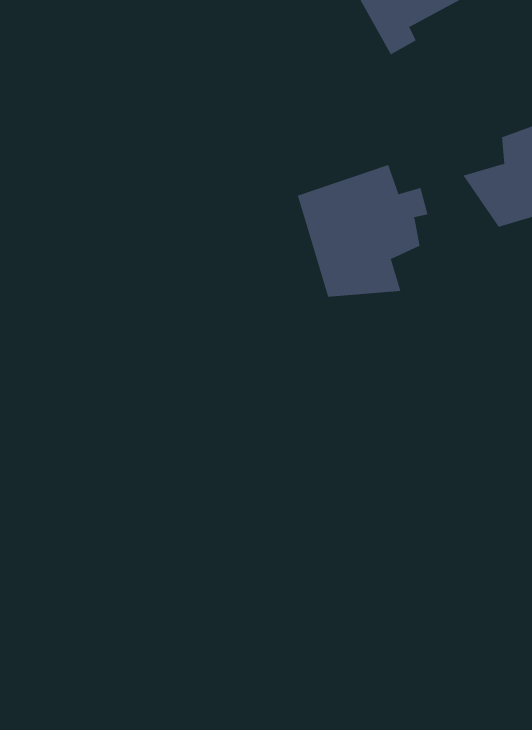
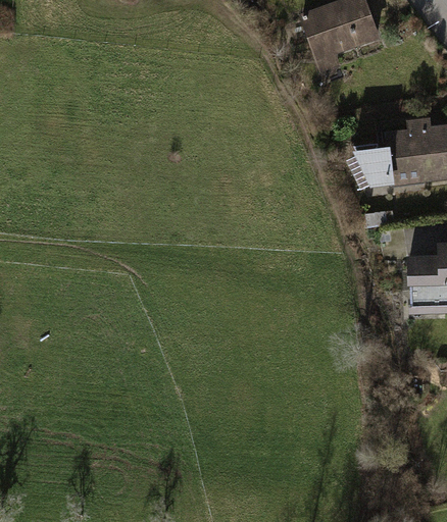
building: [297,164,428,298] -> none

